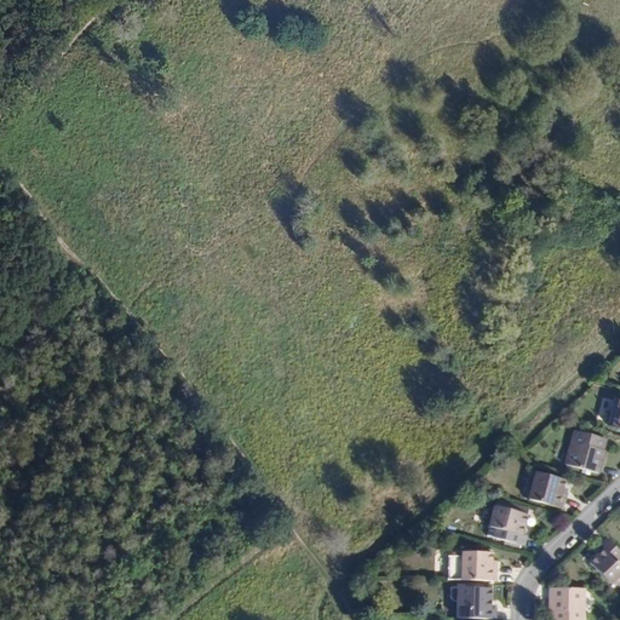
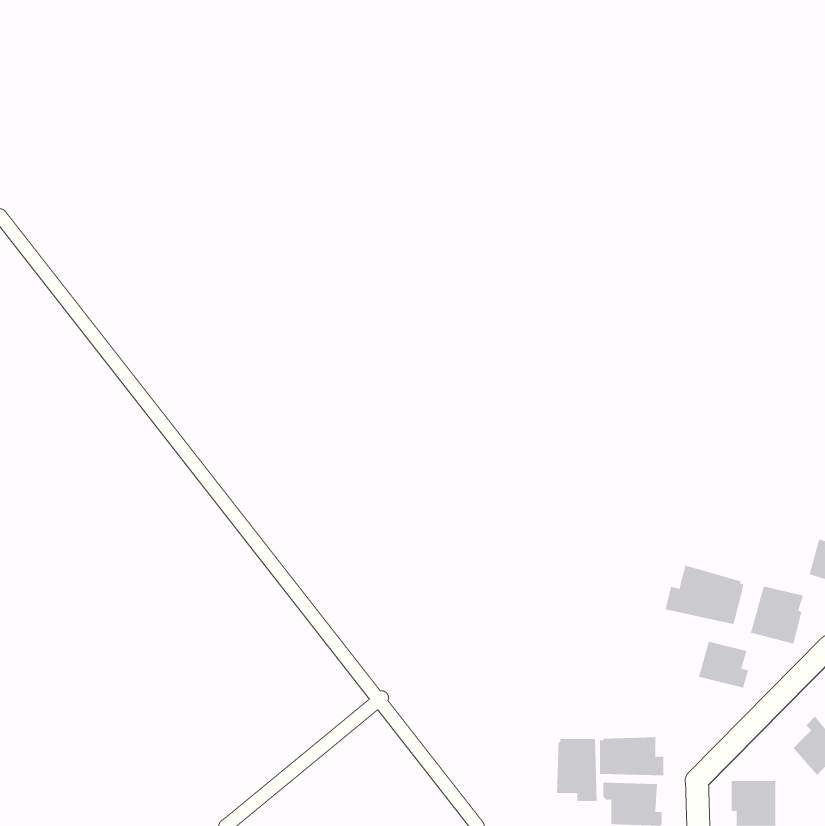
building: none -> [665,565,744,625]
building: [487,505,523,550] -> none
building: none -> [556,738,597,802]

